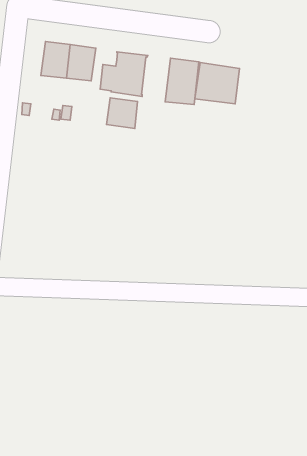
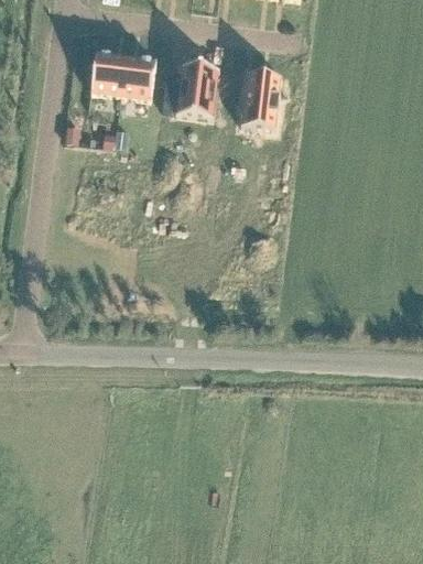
building: [195,63,240,104] -> none
building: [107,98,137,128] -> none

